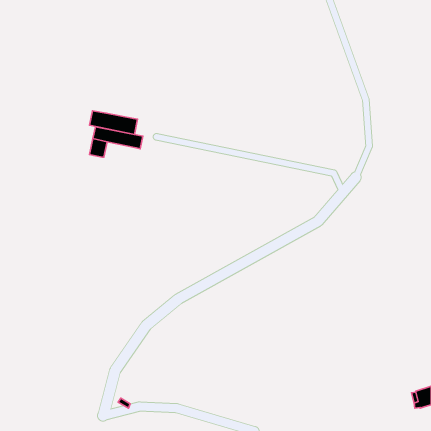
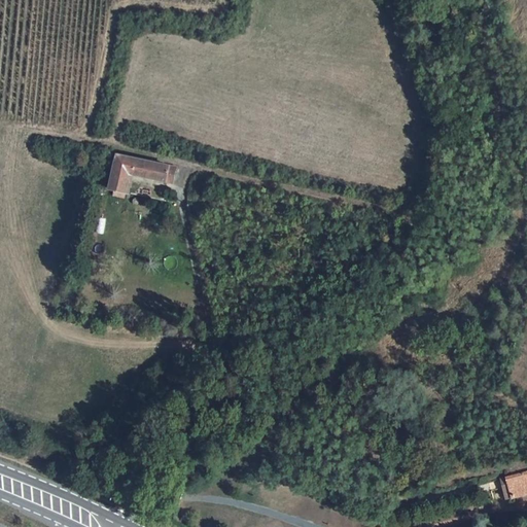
building: [90,111,137,134] -> none

